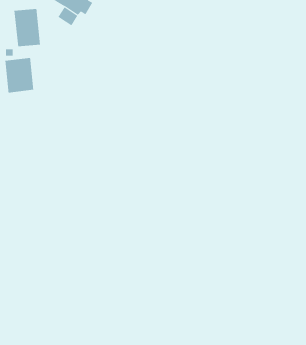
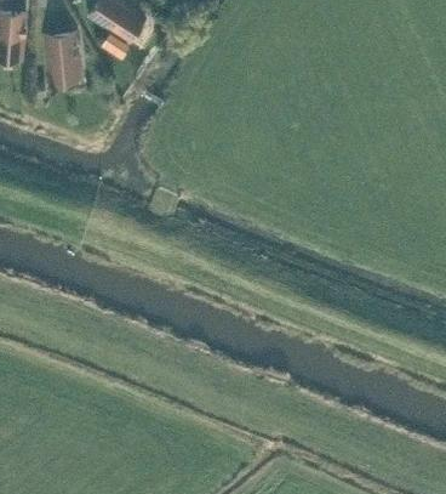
building: [5,57,34,93] -> none

